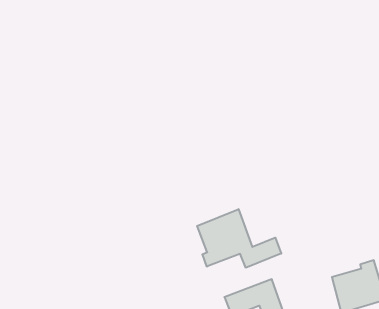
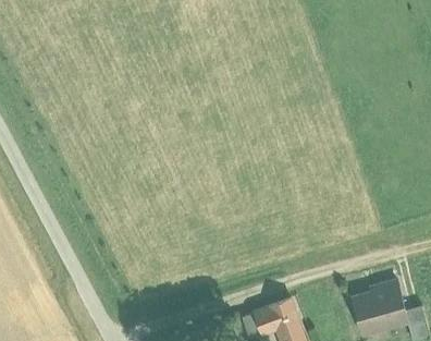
building: [197,209,281,268] -> none

